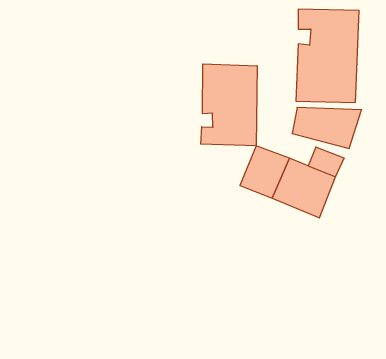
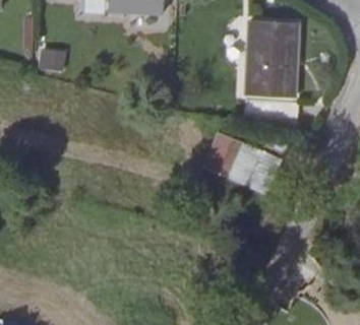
building: [201,64,257,146] -> none

